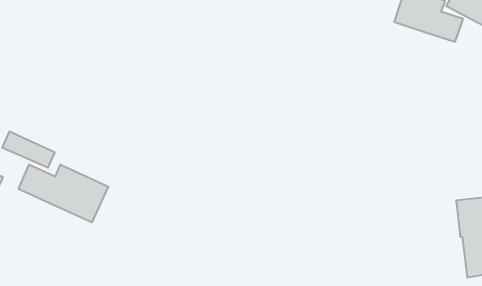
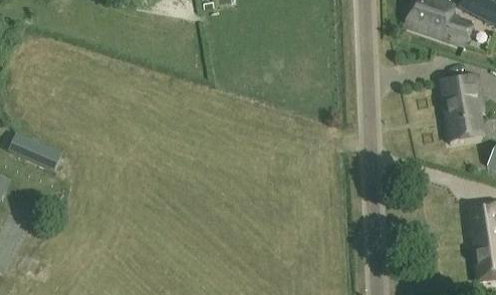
building: none -> [442,74,484,139]
building: [19,164,108,222] -> none

